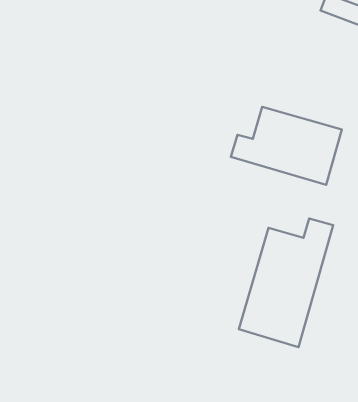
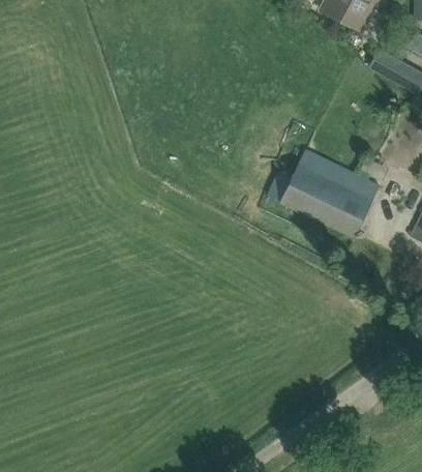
building: [239,218,333,347] -> none

